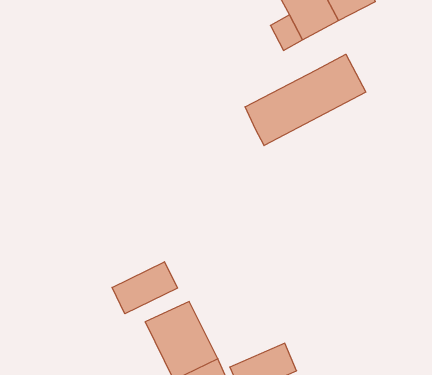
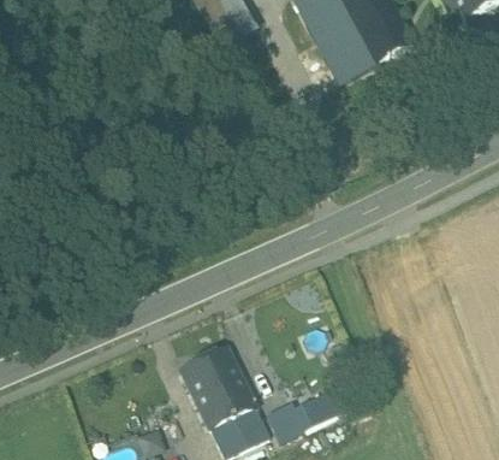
building: [245,54,366,146] -> none
building: [112,262,177,314] -> none

